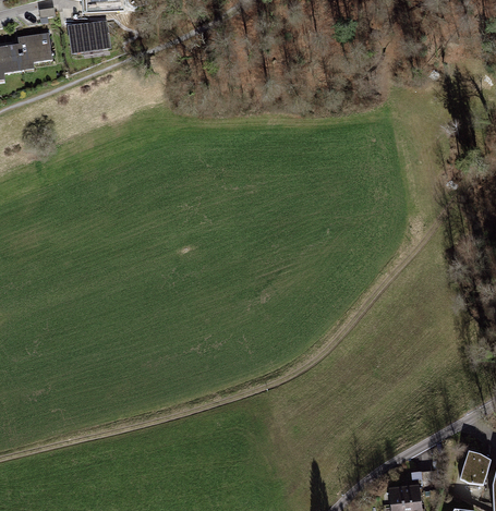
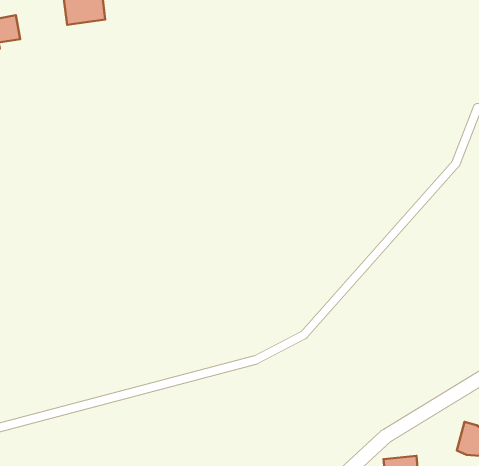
building: [19,35,51,69] -> none

